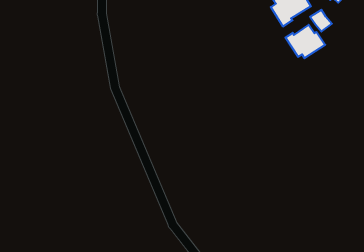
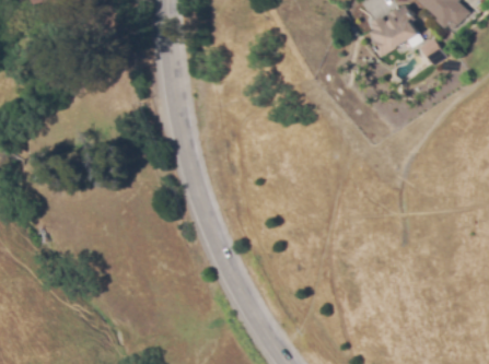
building: [285,25,325,58] -> none

